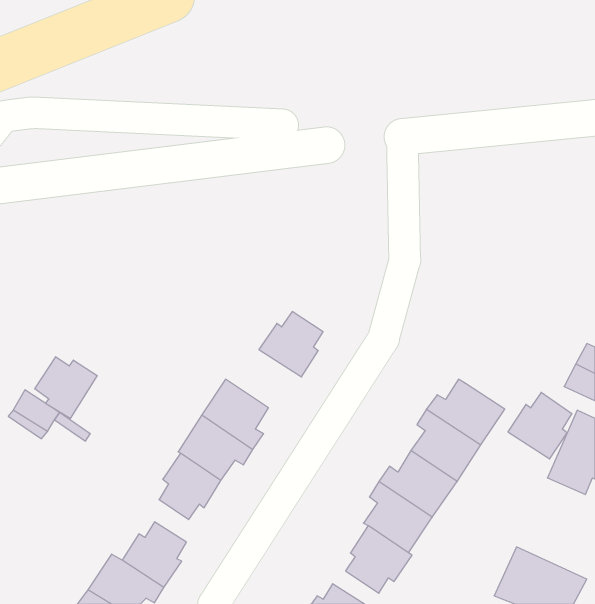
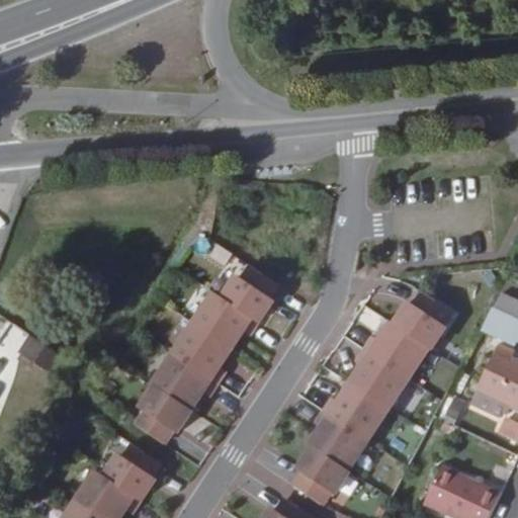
building: none -> [192,292,257,347]
building: [35,357,97,418] -> none
building: [508,392,572,459] -> [396,292,450,349]

